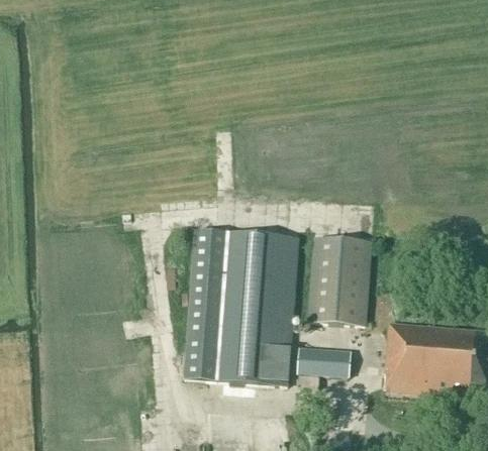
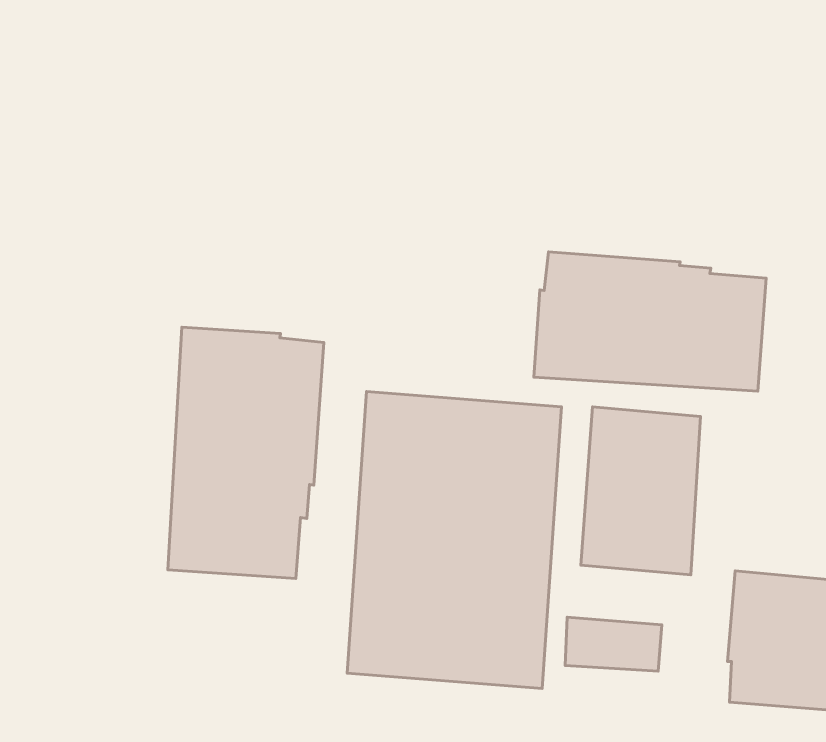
building: none -> [534,252,766,391]
building: none -> [168,327,324,578]

